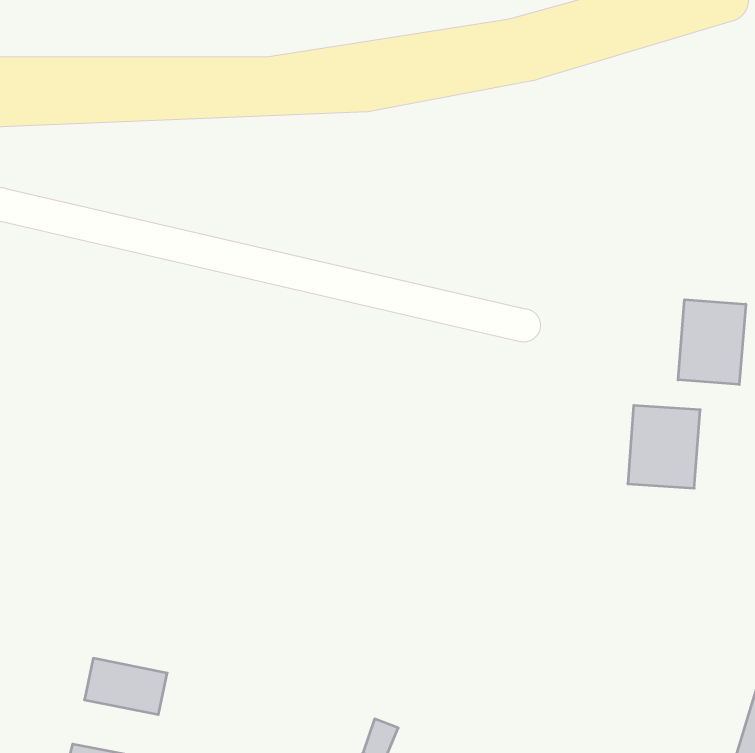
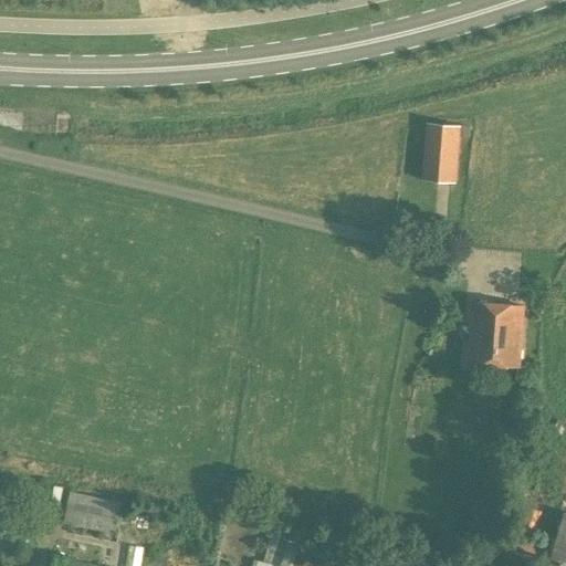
building: none -> [423,125,462,185]
building: [678,300,746,385] -> none

